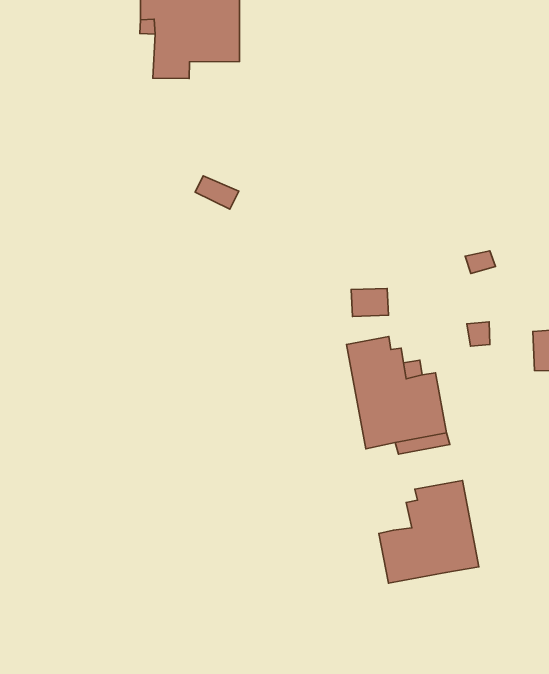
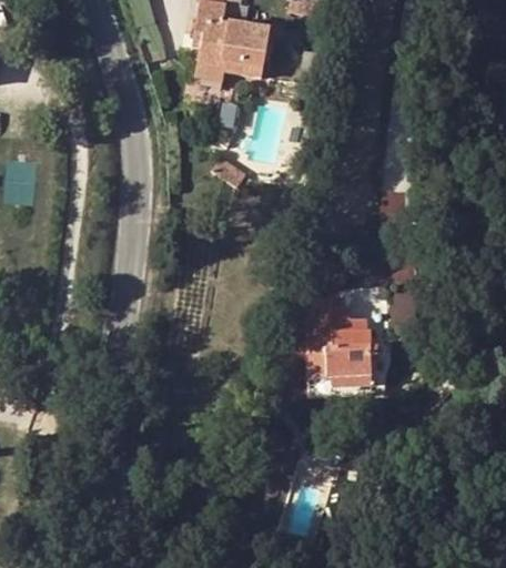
building: [379,480,479,583] -> none

